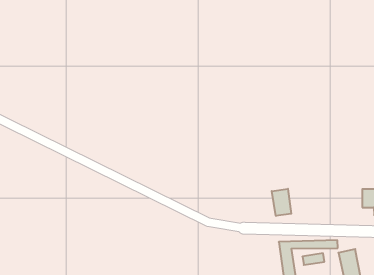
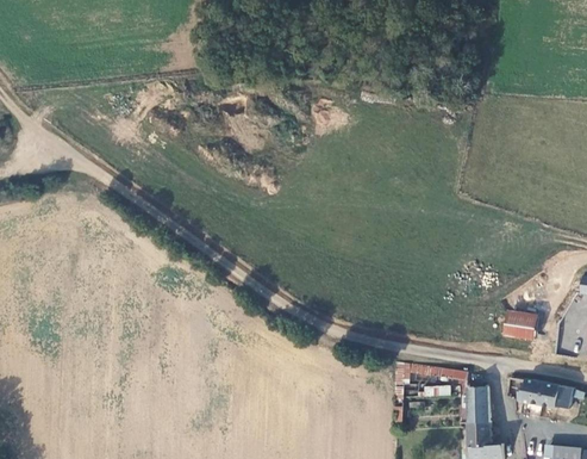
building: [272,189,291,216] -> none

